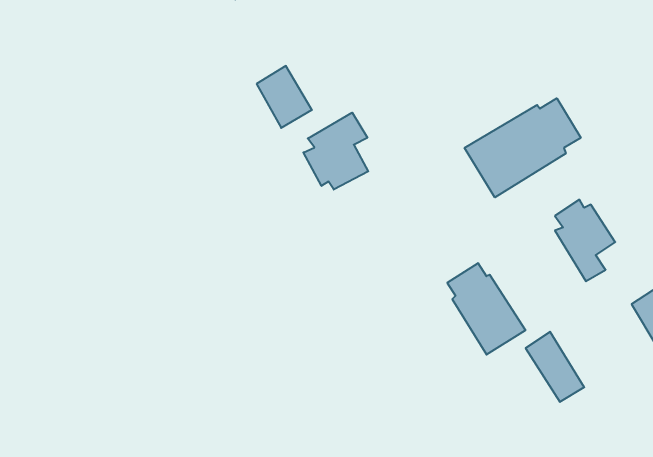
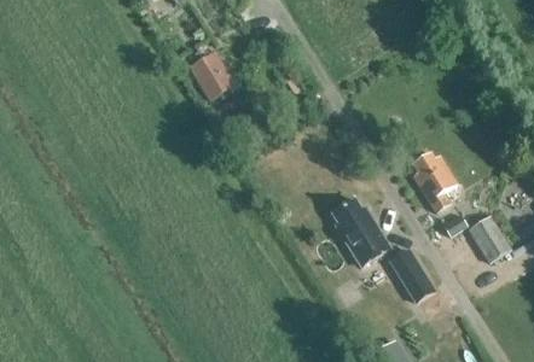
building: [465,98,581,197] -> none
building: [303,113,368,190] -> none

